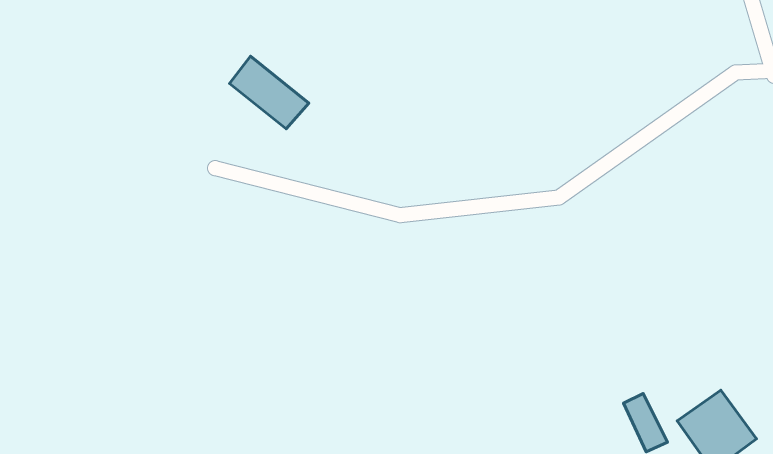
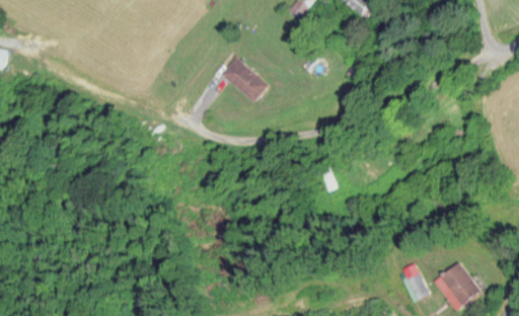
building: [229,56,309,129] -> [220,57,270,102]

